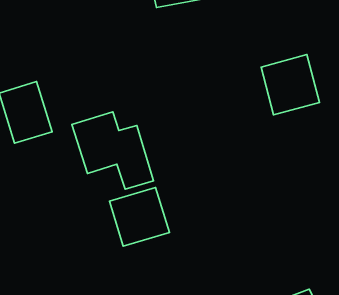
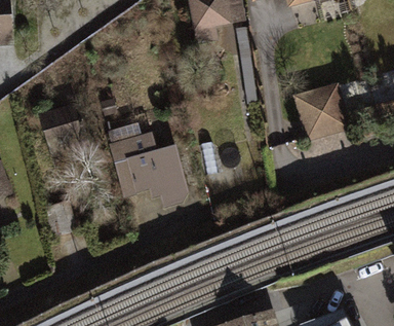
building: [109,187,170,246] -> none

